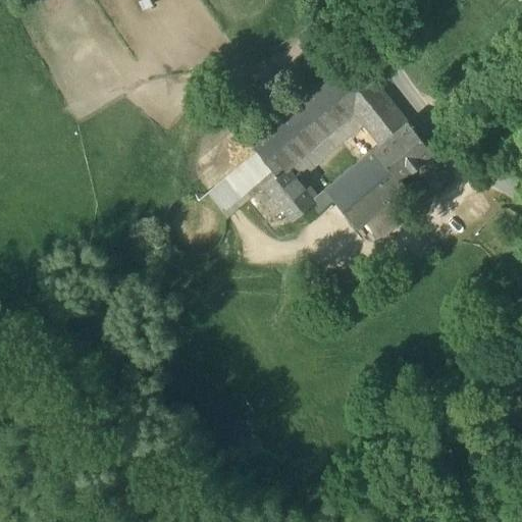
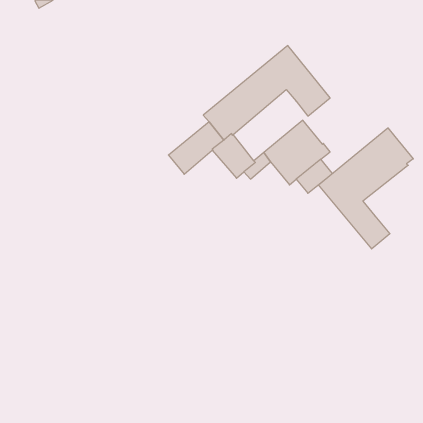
building: [288,111,365,180] -> none
building: [373,121,431,178] -> none
building: none -> [319,128,413,249]

